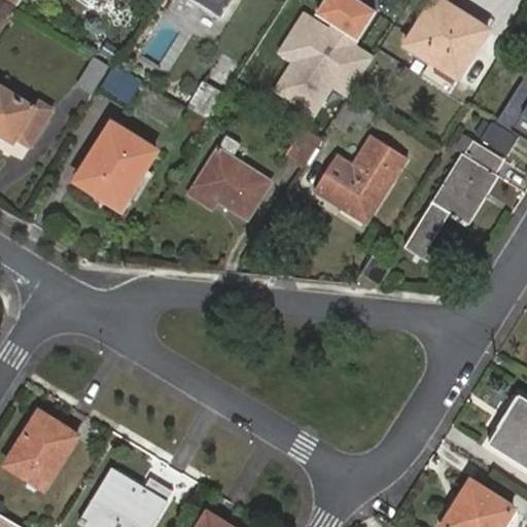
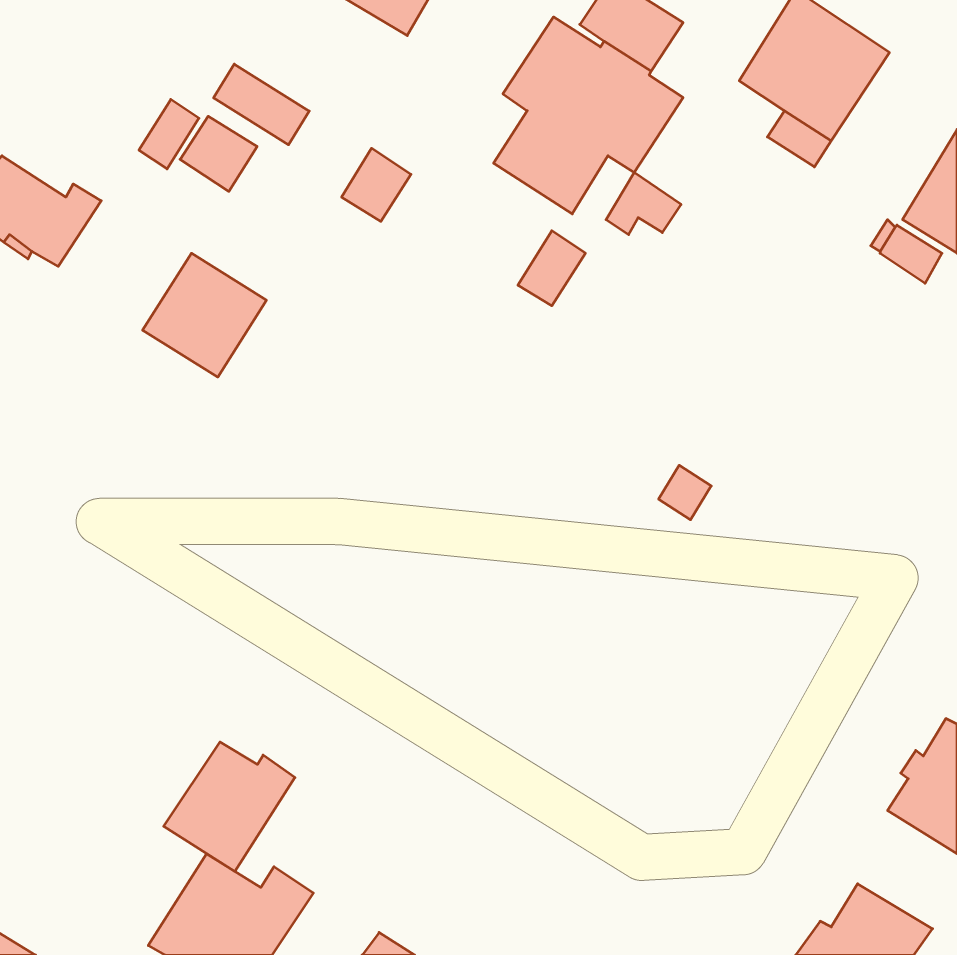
building: [105,120,157,165] -> [214,64,309,145]
building: [188,136,271,219] -> none
building: [314,137,402,221] -> none
building: [406,141,505,258] -> none
building: [6,417,78,488] -> [164,742,295,871]

